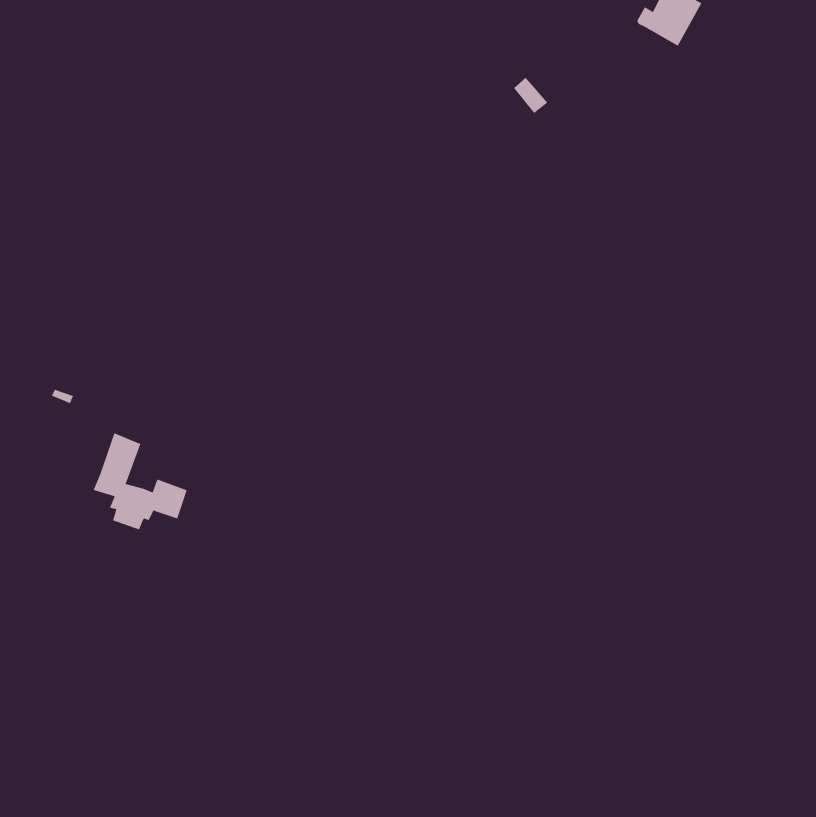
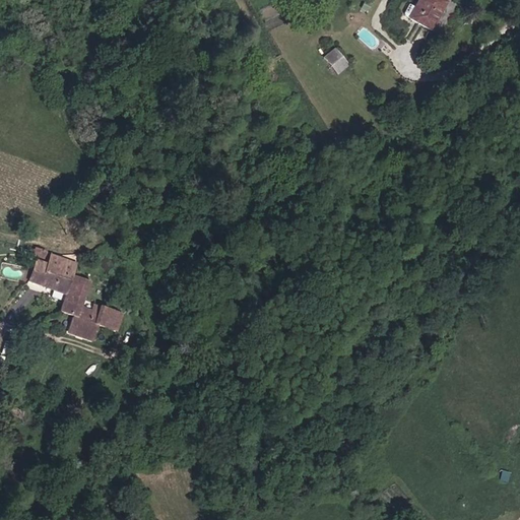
building: none -> [30,256,77,301]

